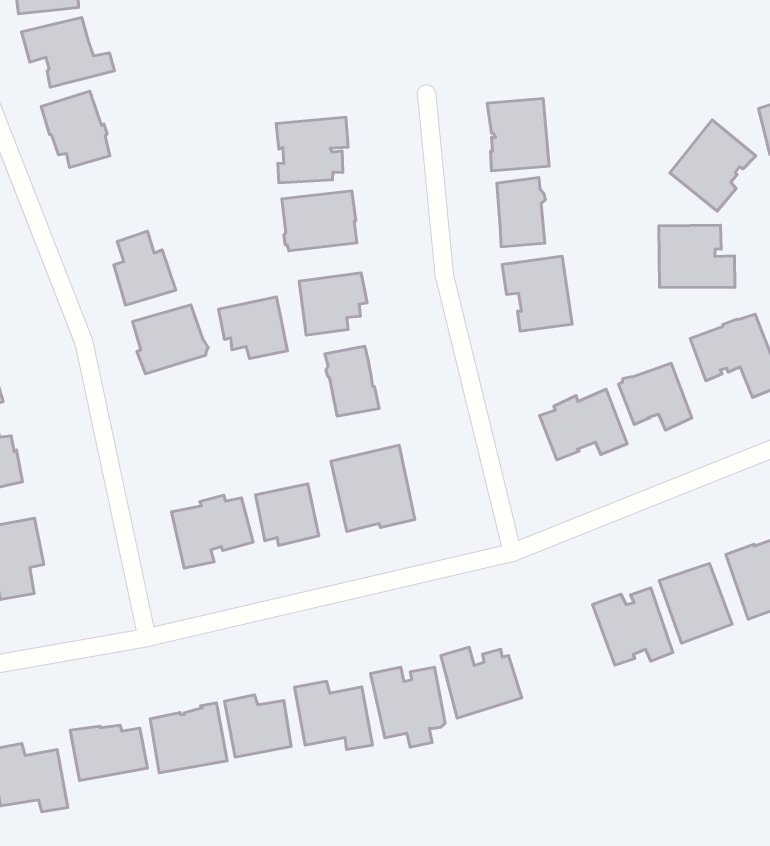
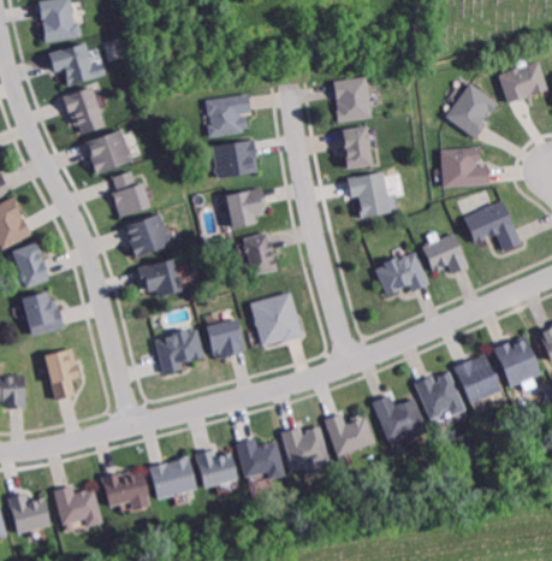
building: none -> [85,129,133,175]
building: [218,297,287,359] -> [137,259,180,297]
building: none -> [372,395,427,441]

